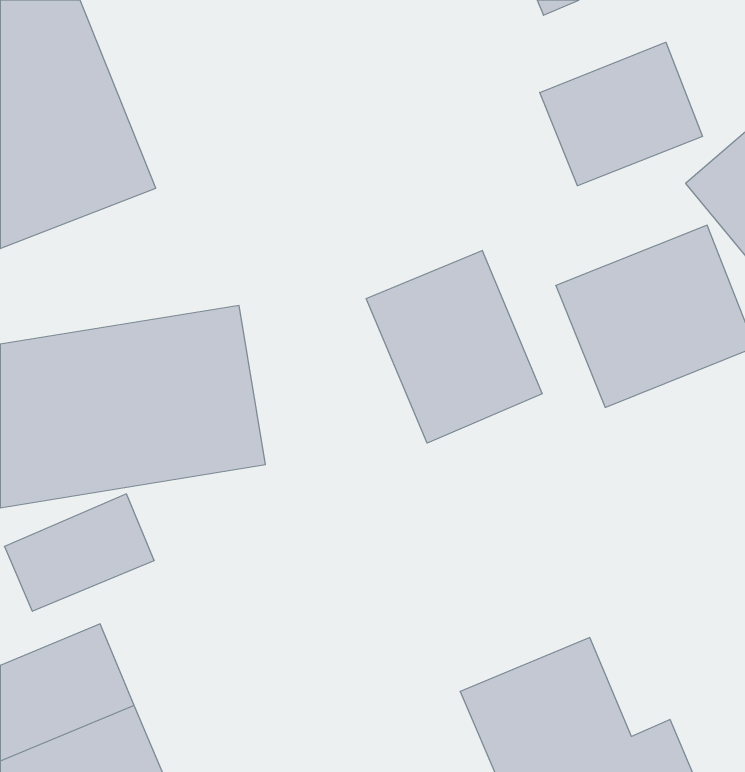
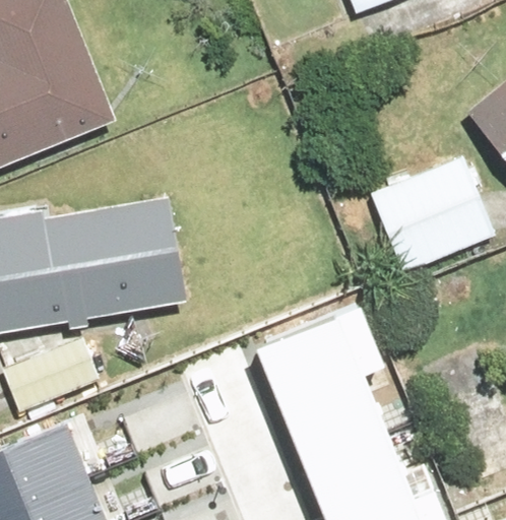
building: [540,42,703,186] -> none
building: [366,250,542,443] -> none
building: none -> [250,287,388,459]

